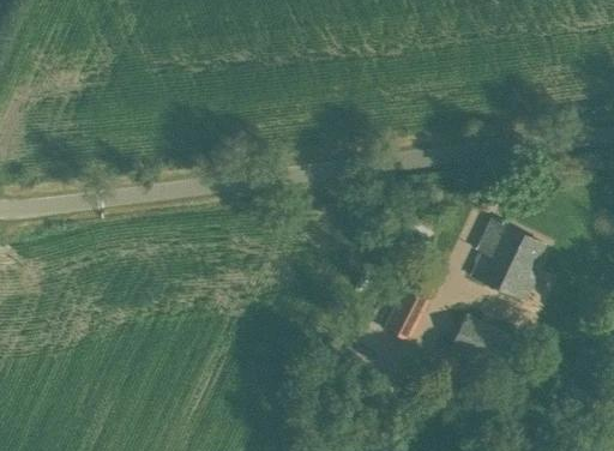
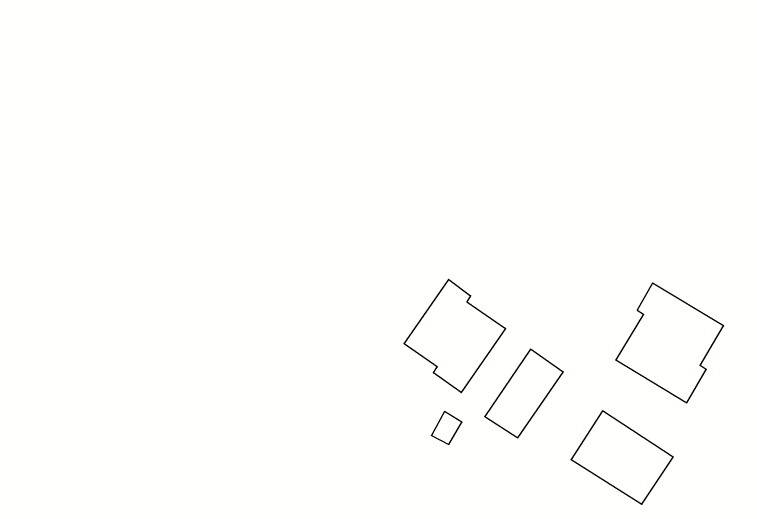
building: none -> [404,279,506,393]

